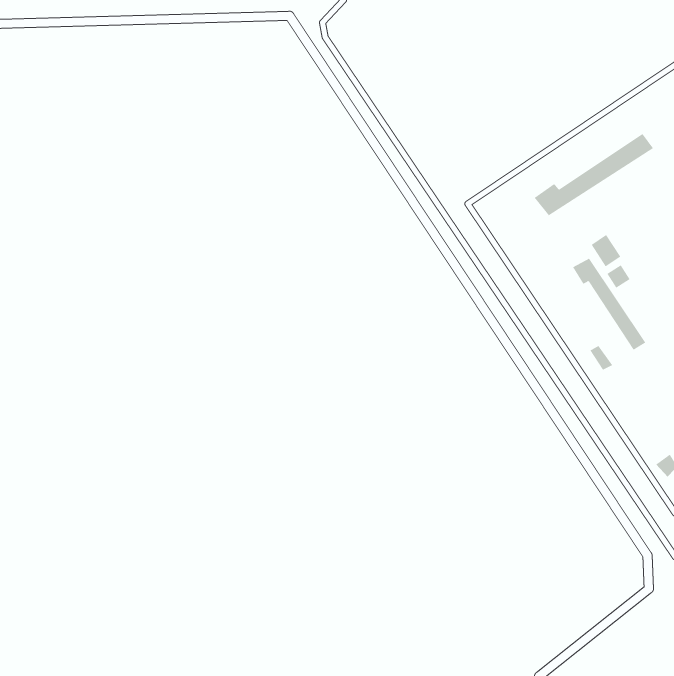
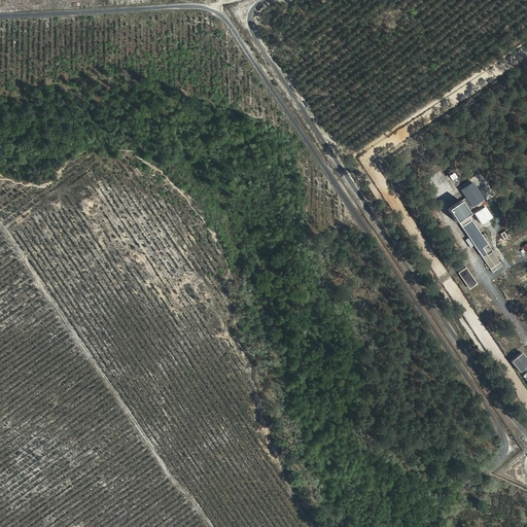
building: [534,133,654,216] -> none

